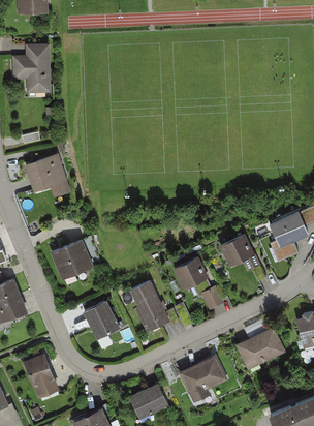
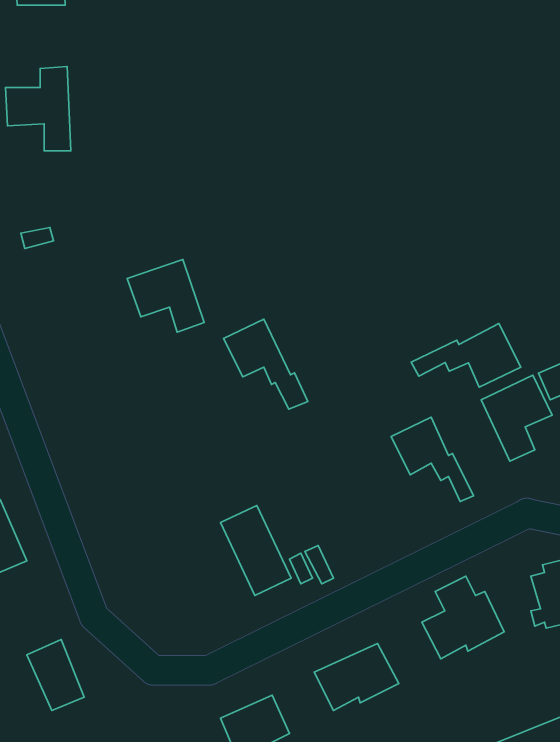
building: [27,155,68,194] -> [127,259,204,332]
building: none -> [411,323,521,387]
building: [52,237,100,284] -> none
building: [175,257,220,306] -> [223,319,308,409]
building: [84,301,119,339] -> none

